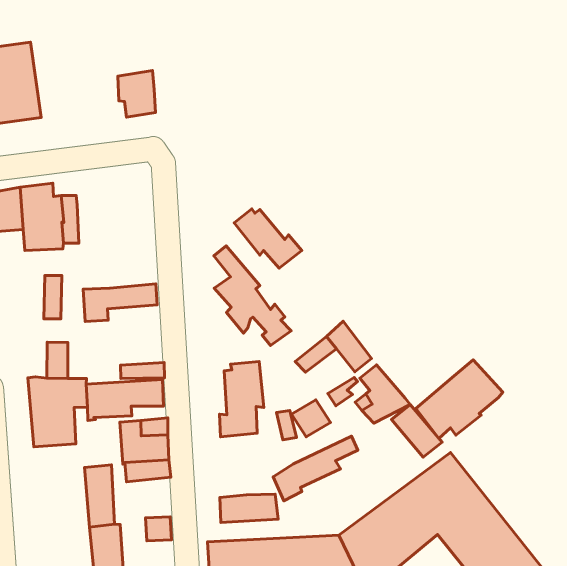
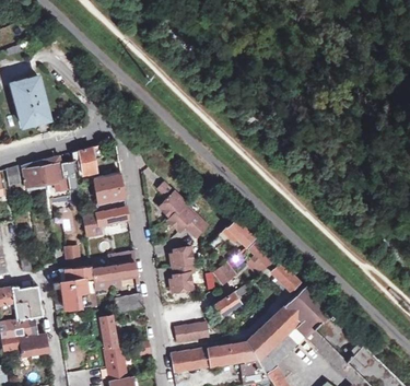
building: [118,70,156,117] -> [72,148,96,176]
building: [234,209,302,268] -> none
building: none -> [94,173,127,213]
building: [416,360,503,439] -> none

